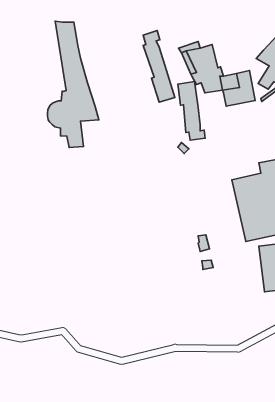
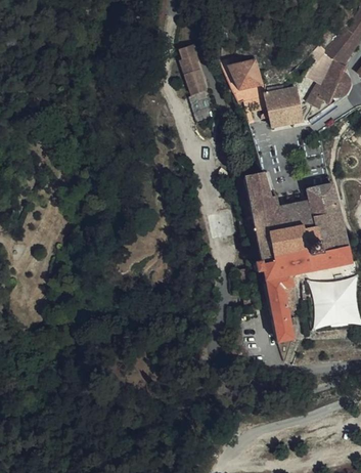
building: [47,21,99,147] -> none
building: [178,81,205,140] -> none
building: none -> [244,170,298,341]

